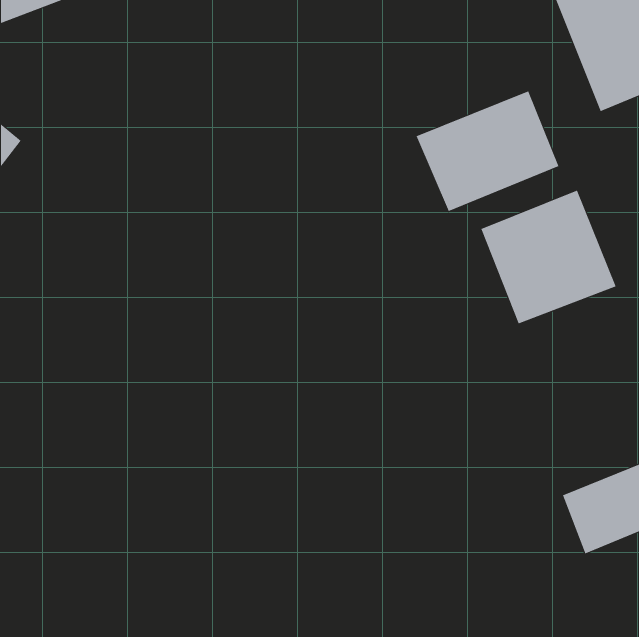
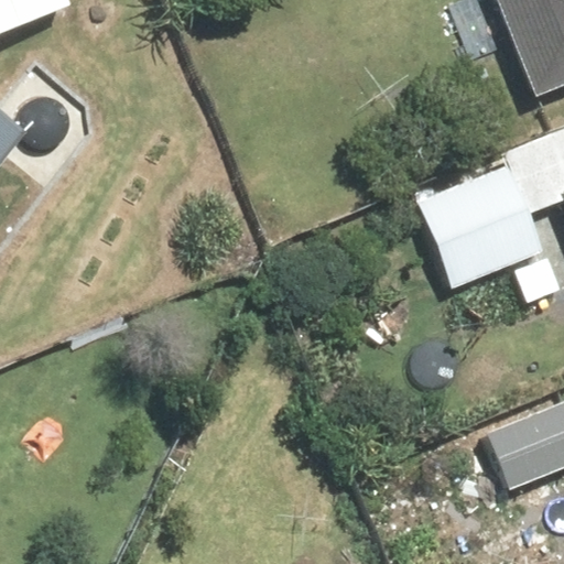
building: [416,90,559,212] -> none

